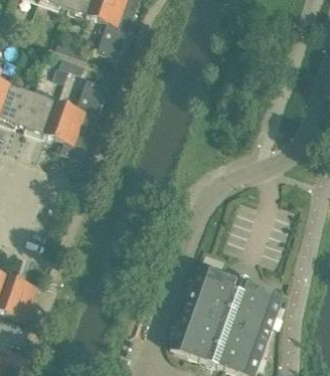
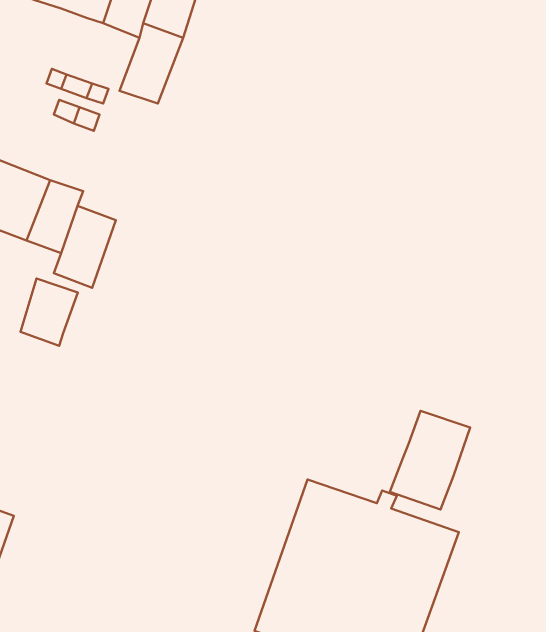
building: [71,77,107,123] -> none
building: none -> [21,279,78,346]
building: none -> [390,411,470,510]

